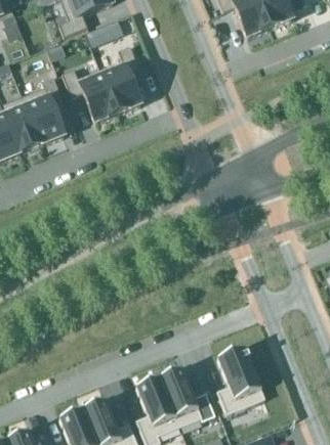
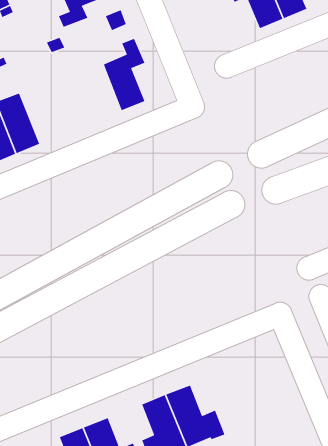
building: [61,68,117,122] -> none
building: [22,76,66,143] -> none
building: [216,346,264,413] -> none

